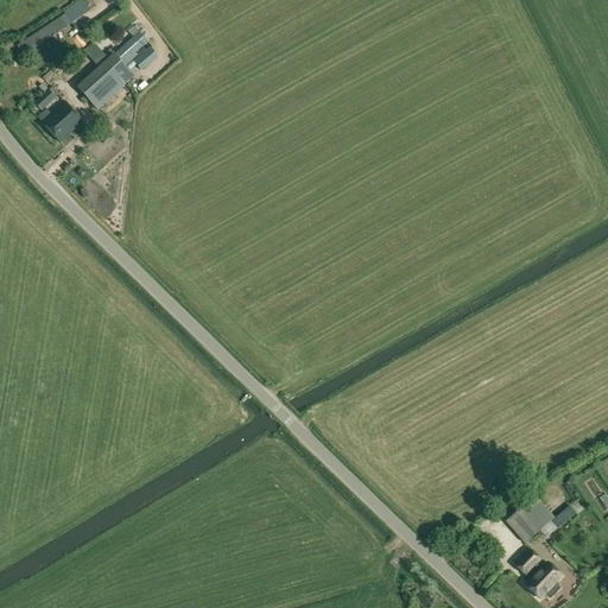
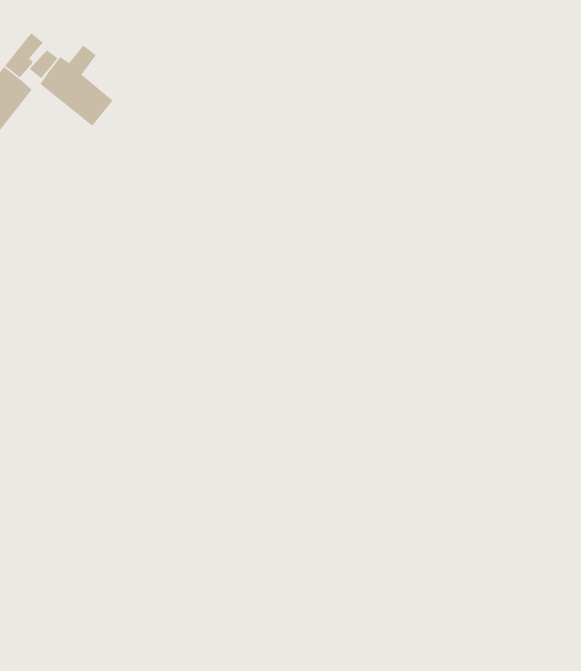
building: none -> [39,45,114,127]

